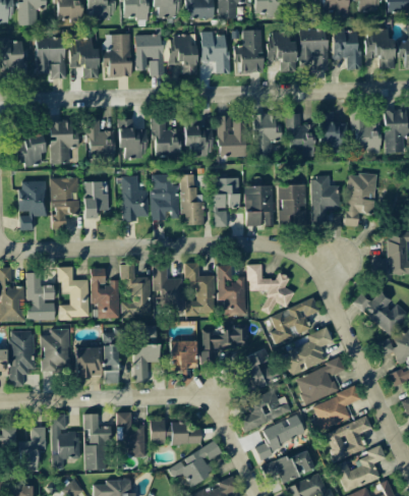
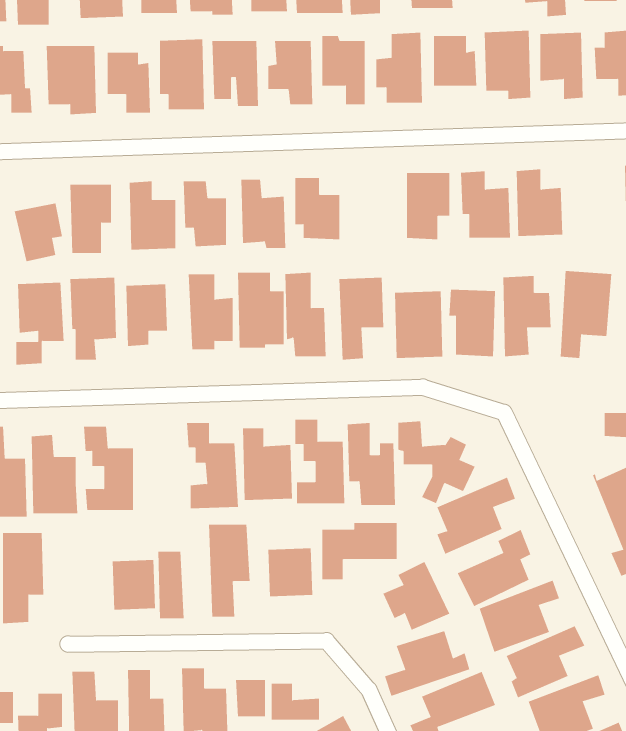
building: [353,112,379,153] -> none
building: [218,115,246,157] -> none
building: [91,268,119,319] -> none
building: [41,329,70,371] -> none

